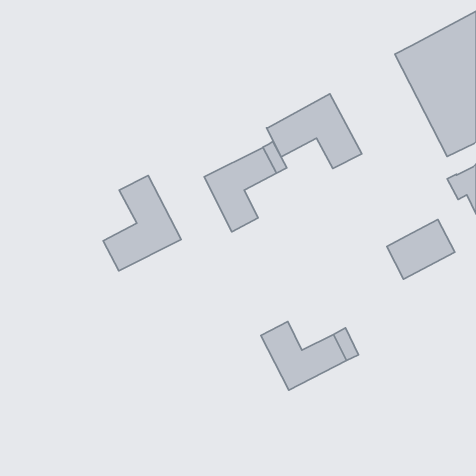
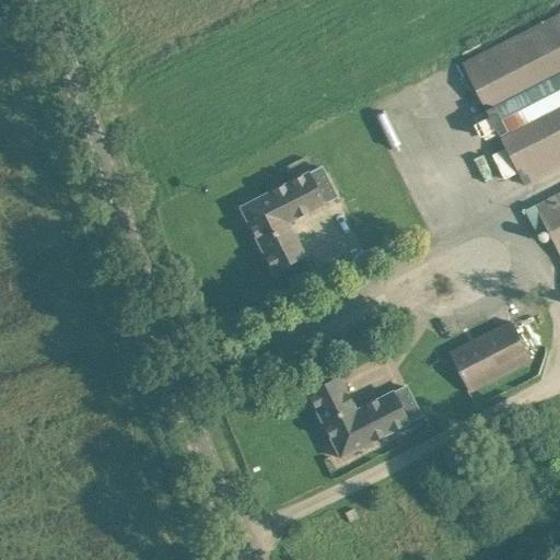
building: [266,94,362,168] -> none
building: [103,175,181,271] -> none
building: [387,219,455,279] -> [452,322,532,392]

